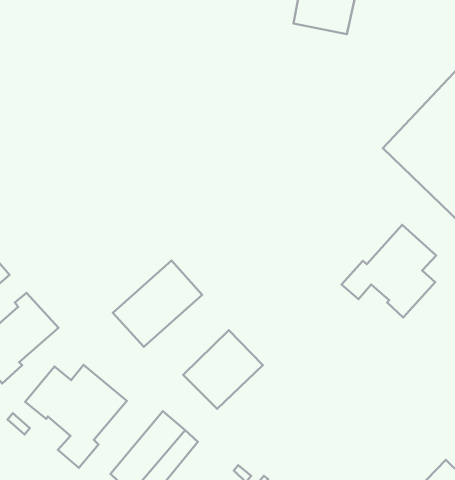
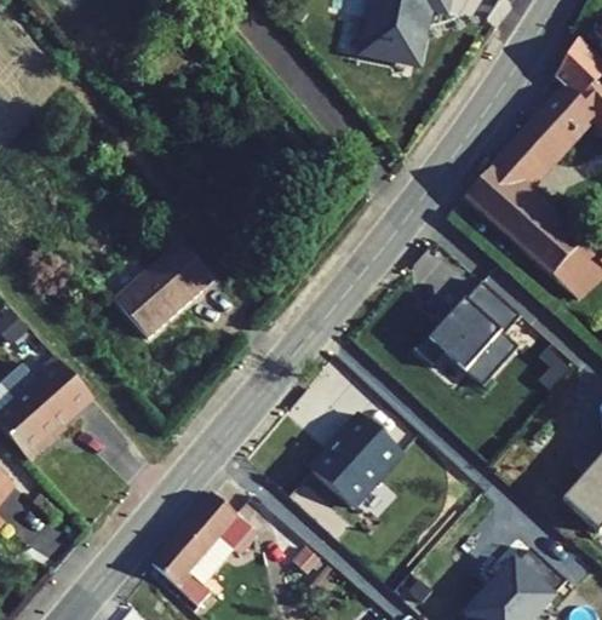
building: [113,261,202,347] -> [114,240,216,338]
building: [183,330,263,409] -> [315,419,406,509]
building: [25,365,127,468] -> none

